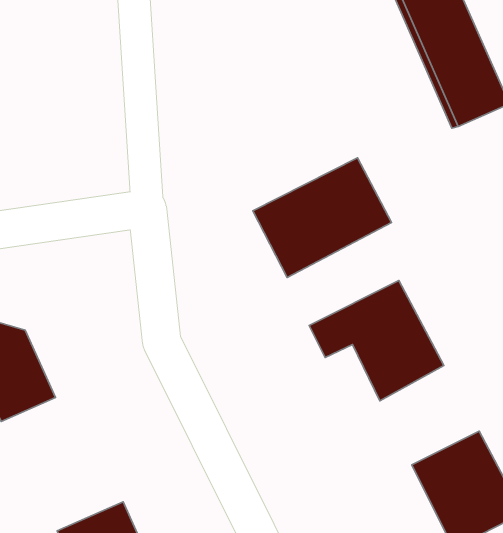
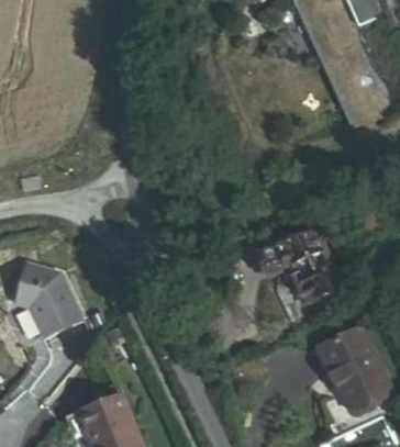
building: [253,158,392,278] -> none

